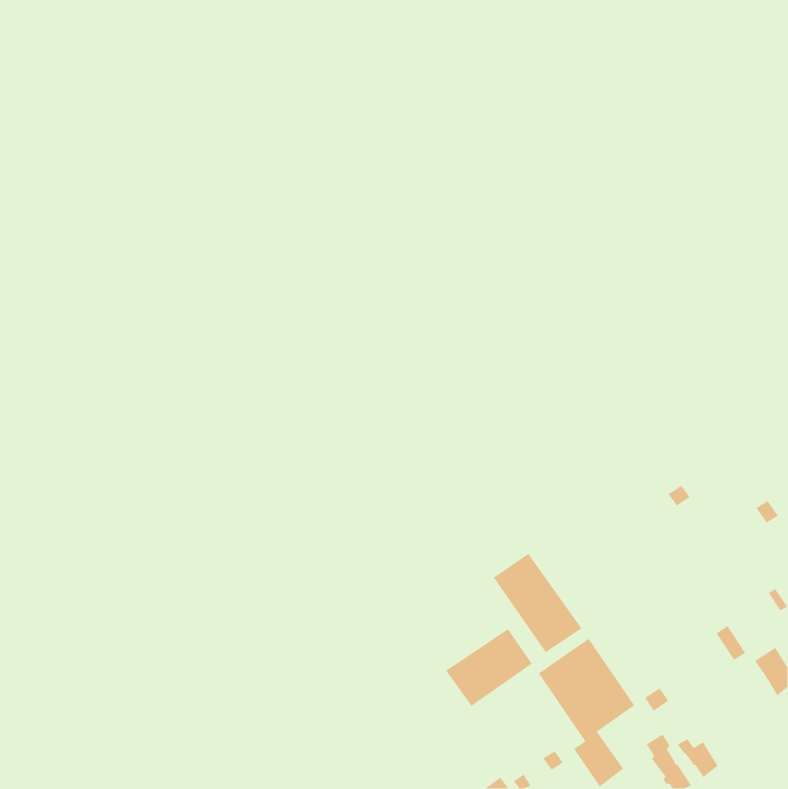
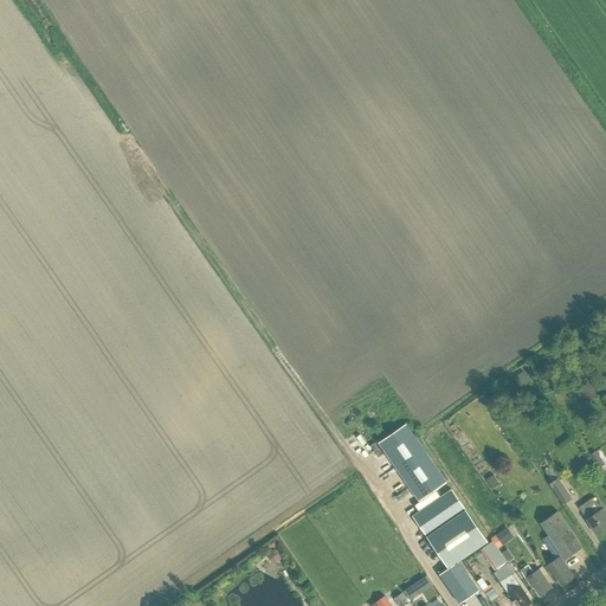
building: [445,628,533,707] -> none
building: none -> [540,511,581,585]

